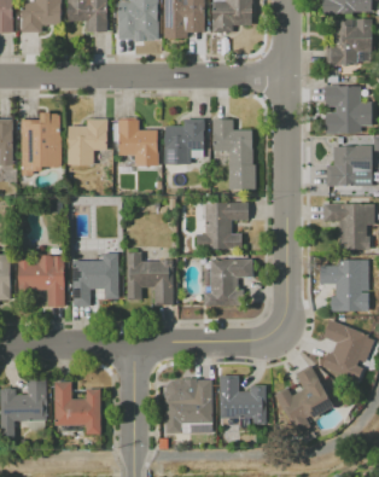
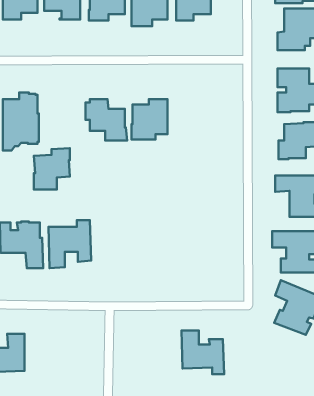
building: [68,118,107,164] -> [34,148,70,190]
building: [212,120,256,190] -> none
building: [197,202,249,249] -> none
building: [127,252,174,306] -> none
building: [204,258,252,306] -> none
building: [274,365,334,434] -> none
building: [167,380,212,434] -> none
building: [54,382,101,435] -> none

